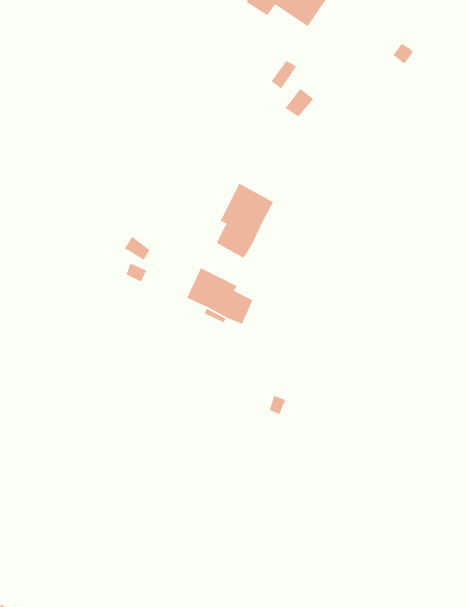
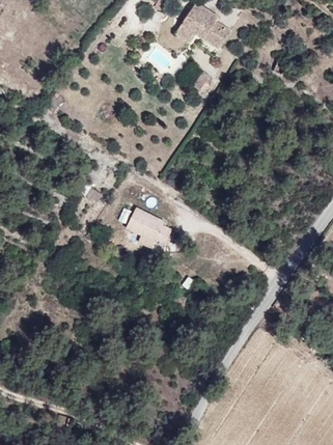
building: [216,183,274,259] -> none

